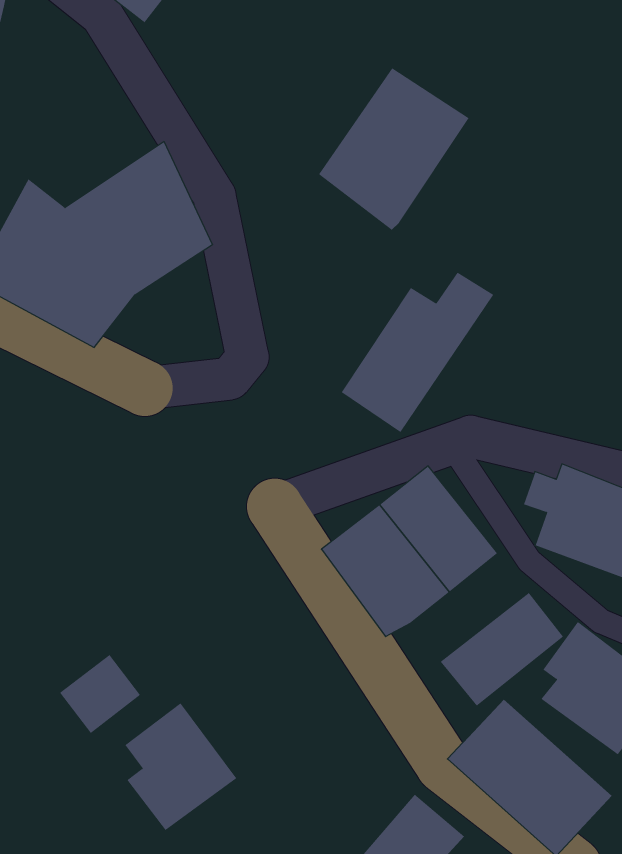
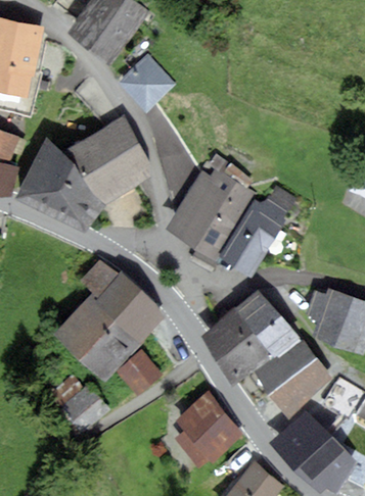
building: none -> [124,57,174,106]
building: [318,68,470,231] -> [171,169,250,255]
building: none -> [61,262,158,369]
building: none -> [250,336,313,393]
building: none -> [119,352,161,394]
building: [125,703,237,831] -> [179,393,238,460]

